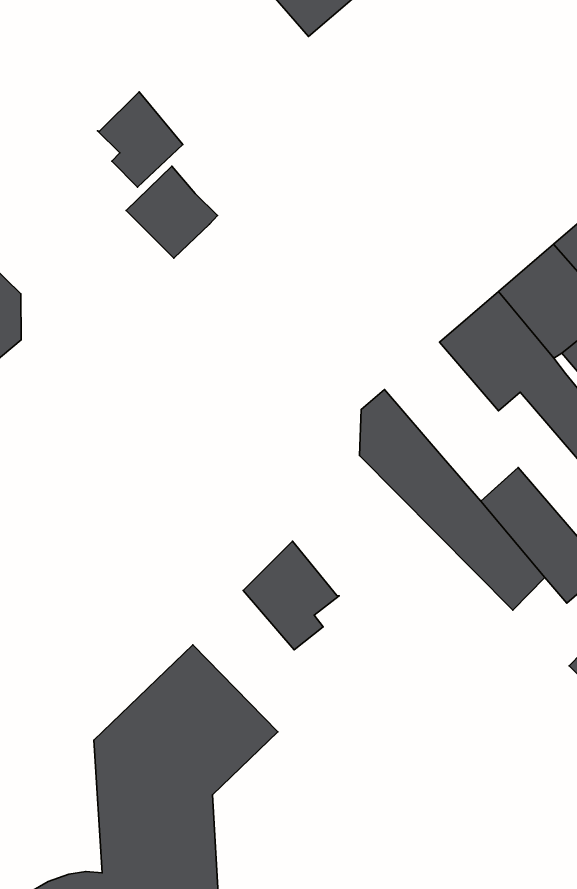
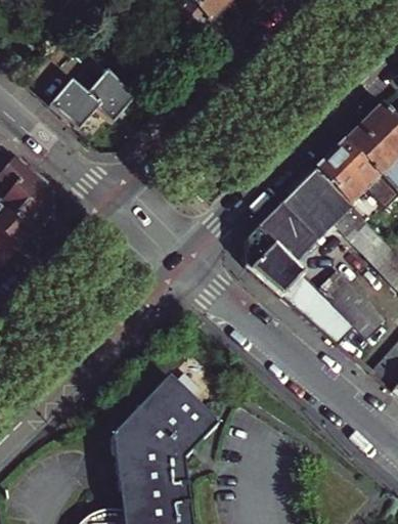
building: [126,166,218,258] -> [49,79,100,130]
building: none -> [258,196,322,261]
building: [243,541,339,650] -> none

